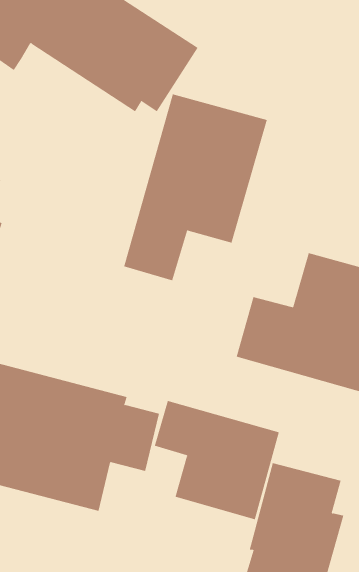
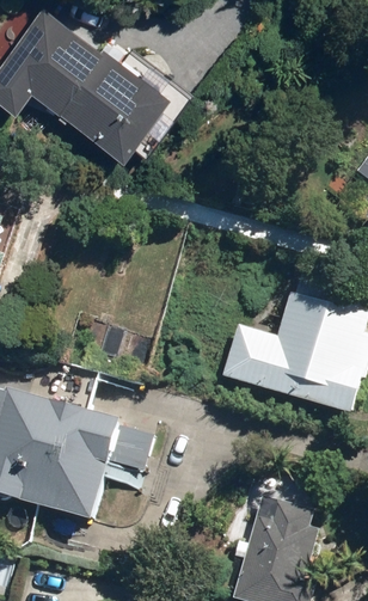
building: [123,93,267,281] -> none
building: [154,400,280,520] -> none

